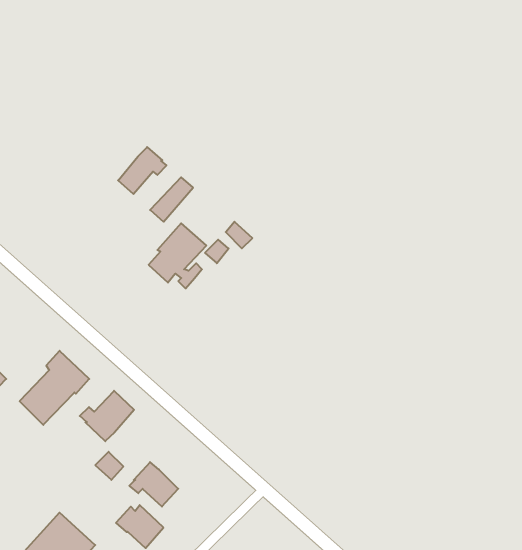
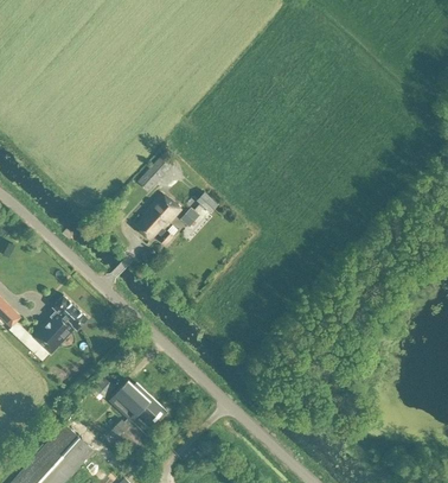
building: [118,147,166,194] -> none
building: [80,391,134,441] -> none

